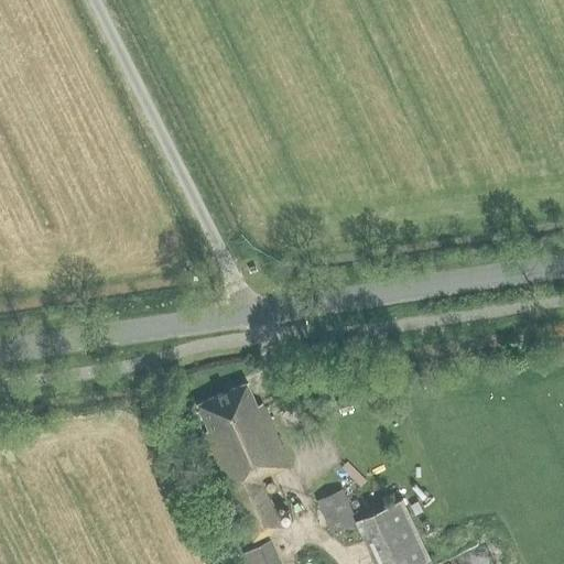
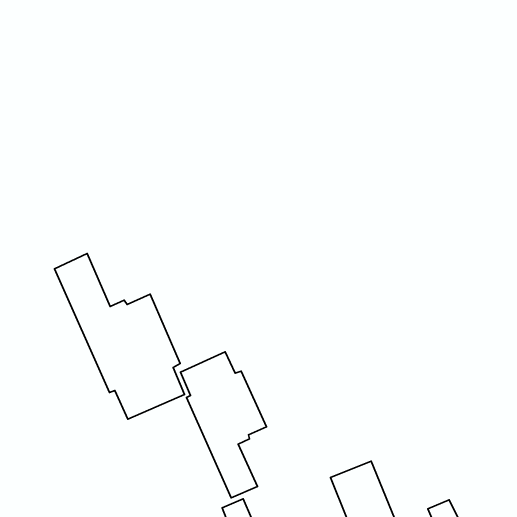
building: none -> [54,254,184,419]
building: [318,490,359,534] -> none

